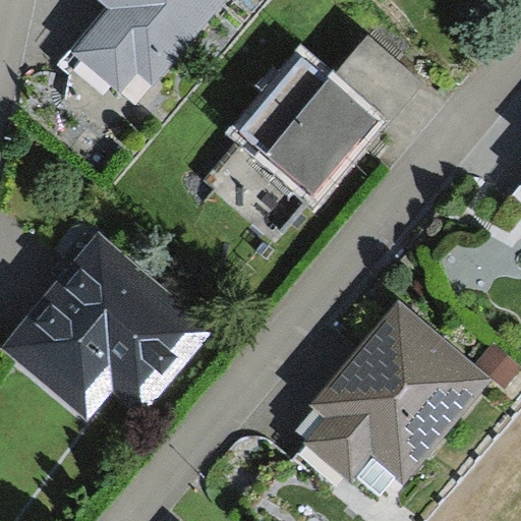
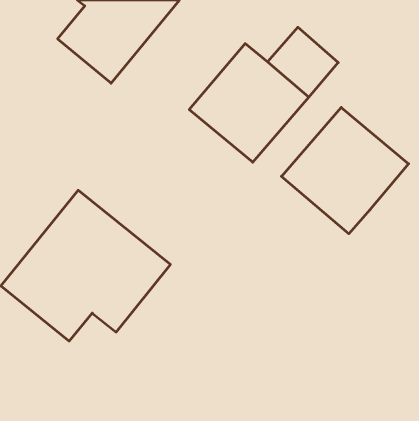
building: none -> [281,107,409,234]
building: [304,301,487,479] -> none

